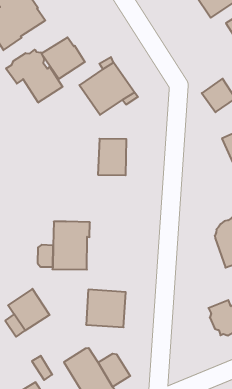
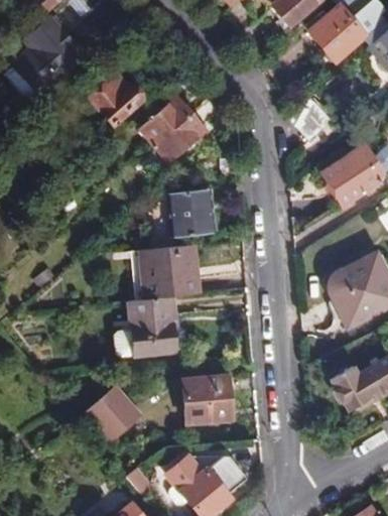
building: [6,50,63,103] -> none
building: none -> [139,244,200,298]

